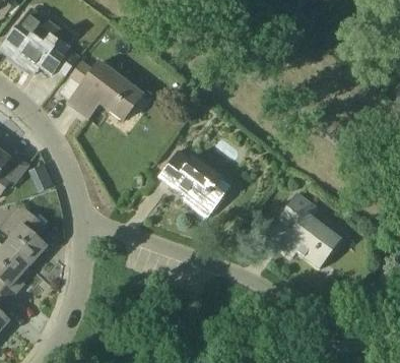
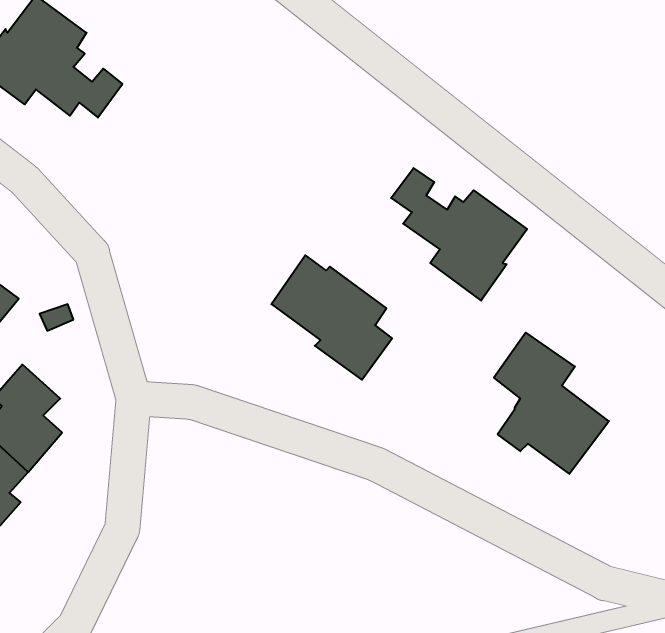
building: [69,60,143,119] -> none
building: none -> [391,168,527,301]

